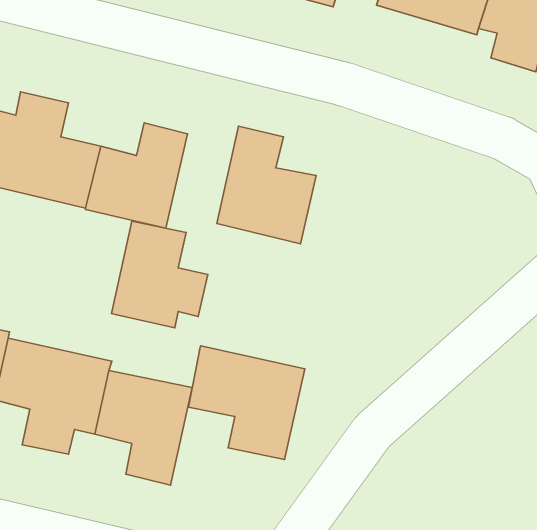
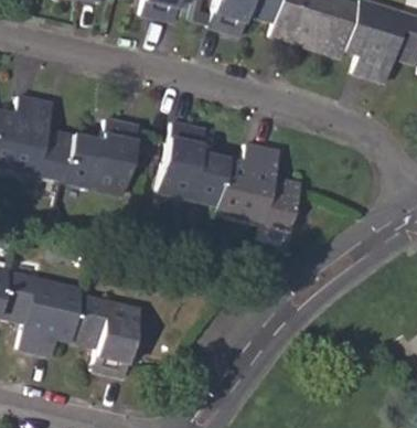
building: none -> [217,146,301,228]
building: [111,221,208,328] -> none
building: [188,346,305,460] -> none

